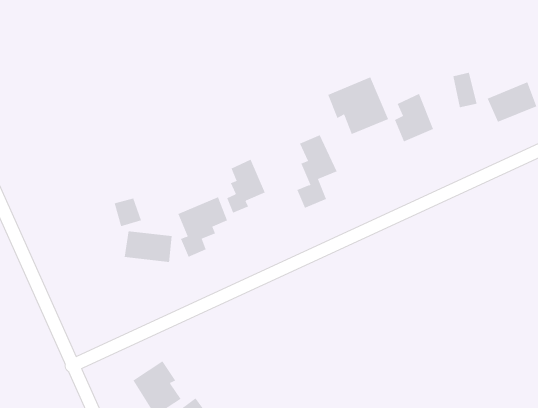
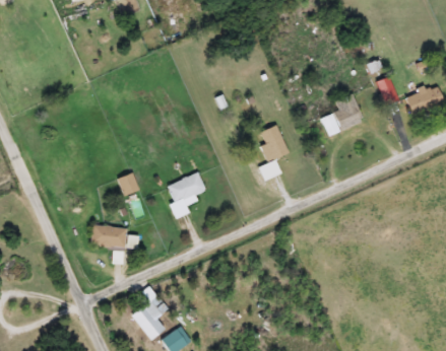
building: [327,77,389,135] -> none
building: [226,159,265,213] -> none
building: [124,231,173,262] -> [89,224,127,249]

